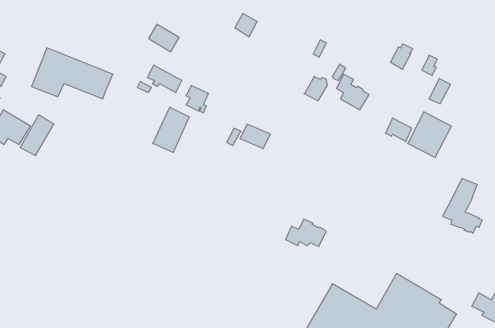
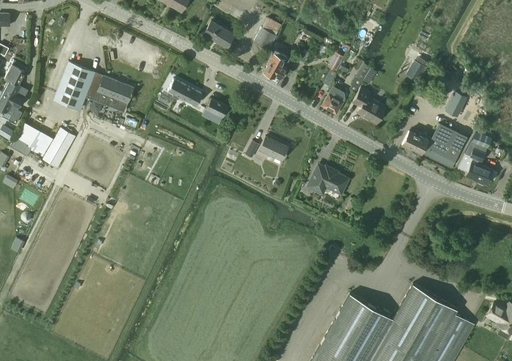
building: [149,24,179,52] -> [203,21,233,48]
building: none -> [262,50,286,80]
building: [153,107,189,152] -> none
building: [443,178,482,233] -> [457,132,496,186]
building: [285,219,326,247] -> [307,167,347,194]

